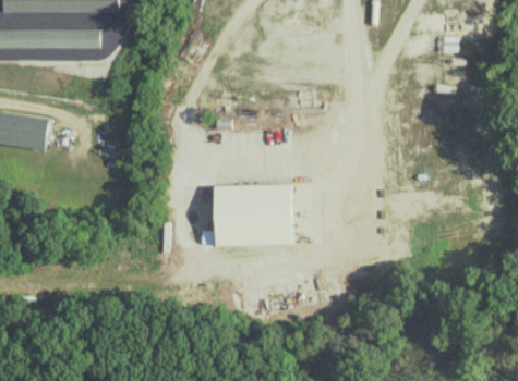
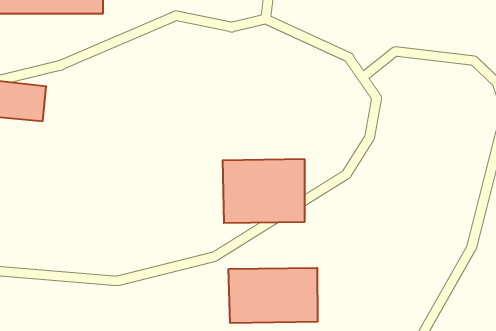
building: none -> [229,268,318,323]

